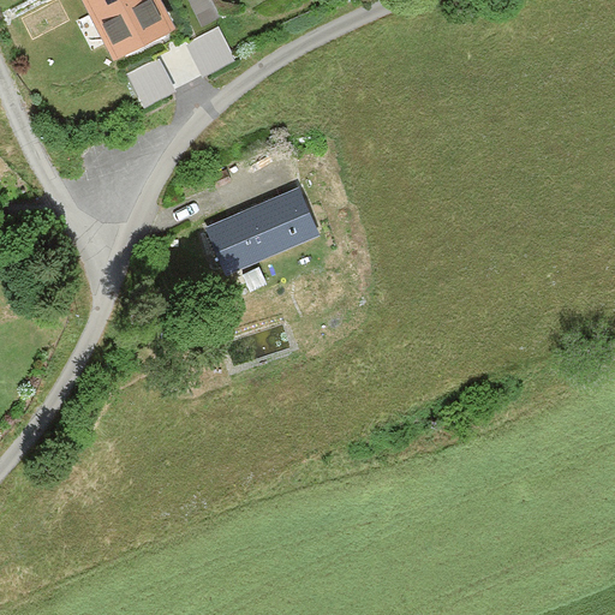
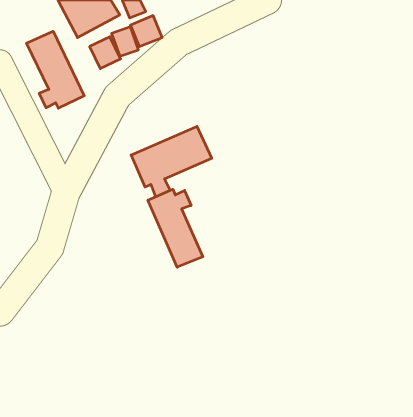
building: none -> [27,31,84,108]
building: none -> [148,189,203,267]

